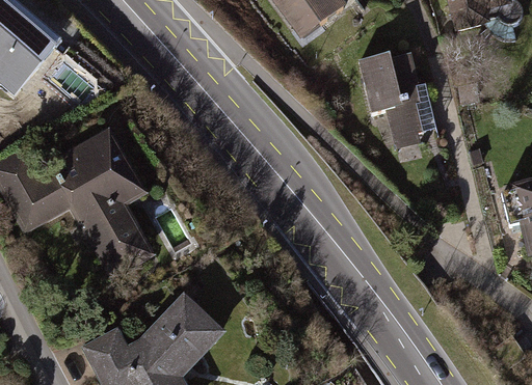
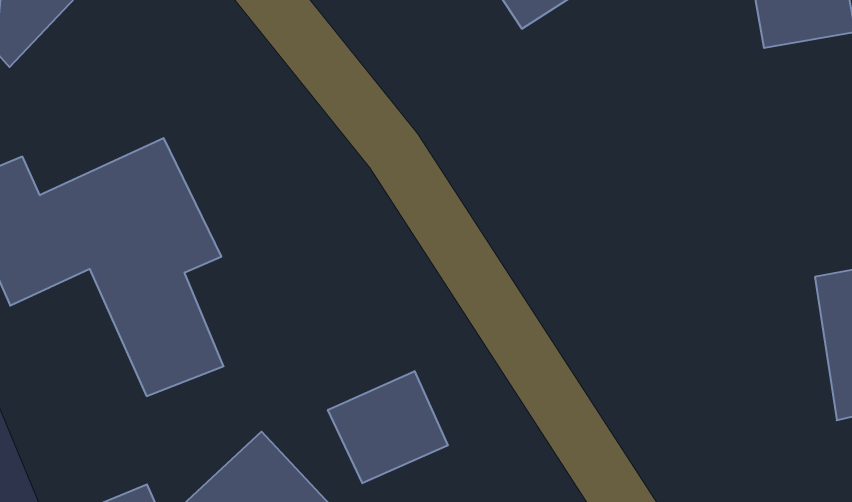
building: [363,54,446,154] -> none
building: none -> [328,371,448,483]

